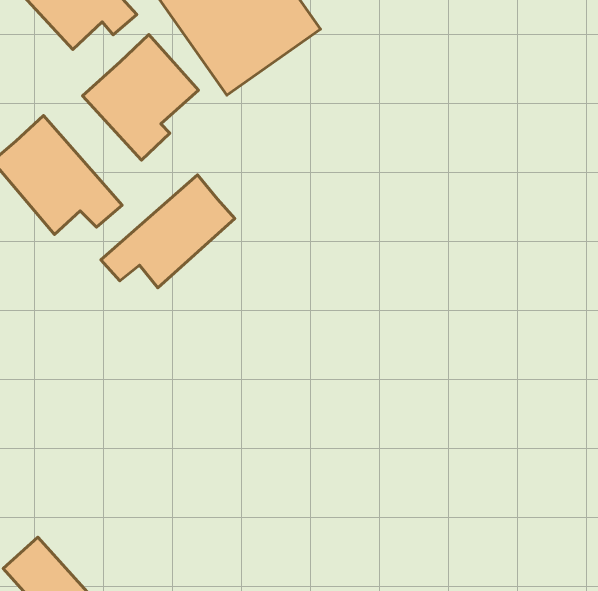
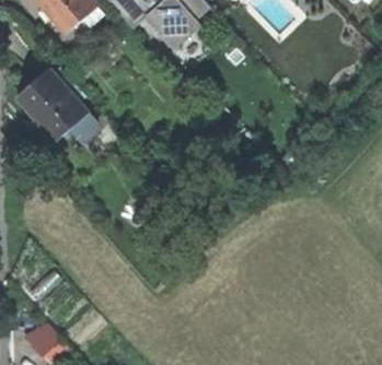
building: [83,35,198,160] -> none
building: [101,175,235,288] -> none

